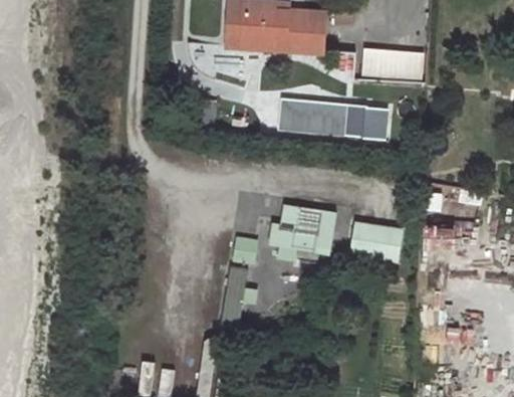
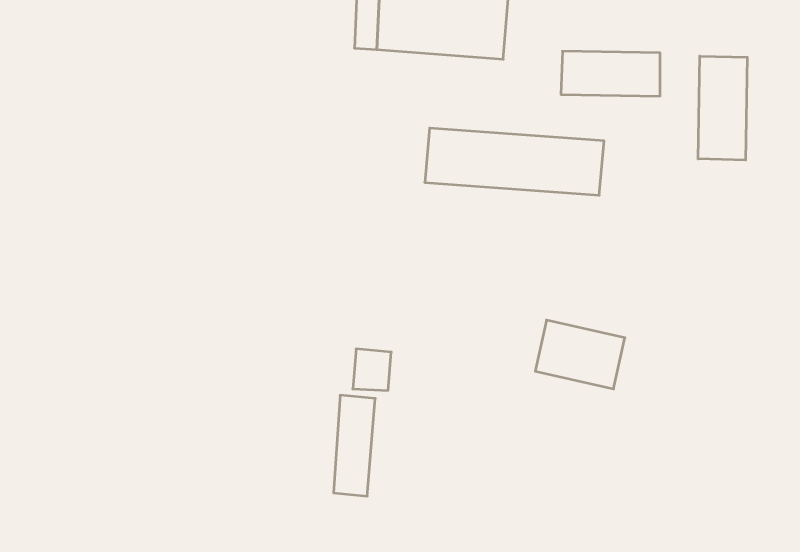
building: none -> [698,56,747,160]
building: [269,201,336,259] -> none

